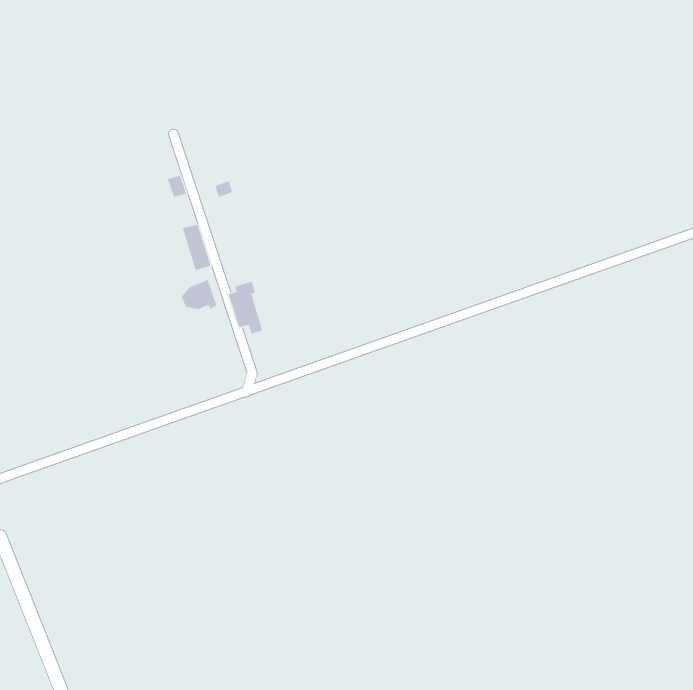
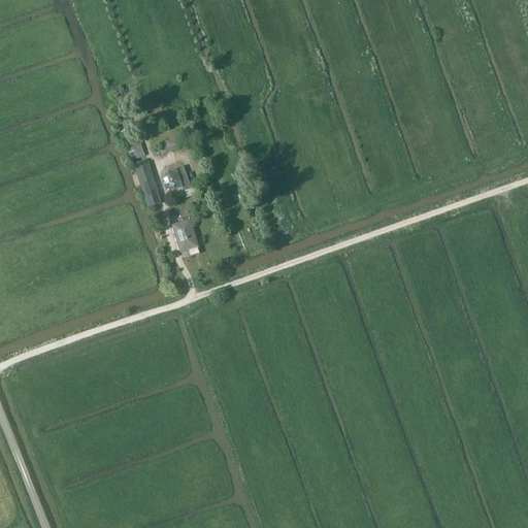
building: [181,279,218,310] -> [162,165,190,189]

